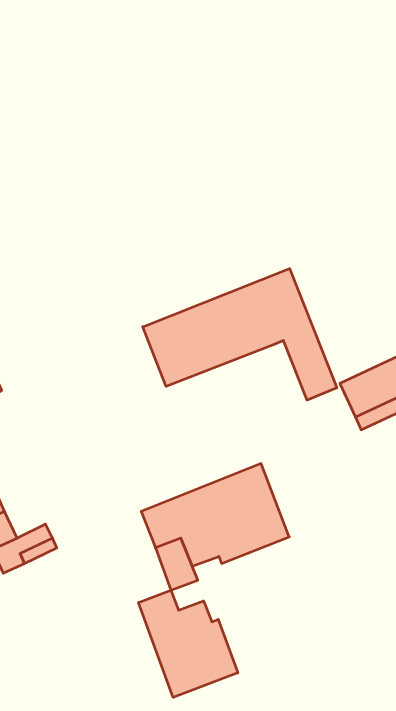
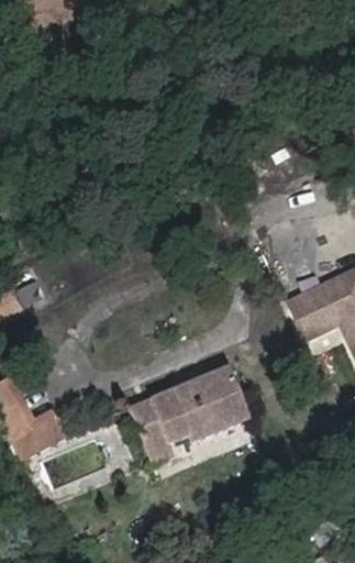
building: [143,269,337,400] -> none
building: [139,590,238,697] -> none

